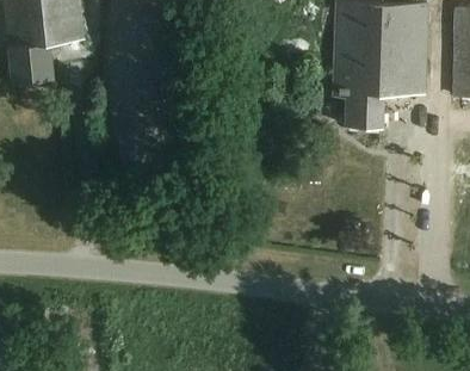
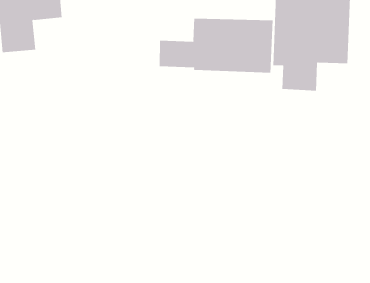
building: none -> [159,18,273,73]

